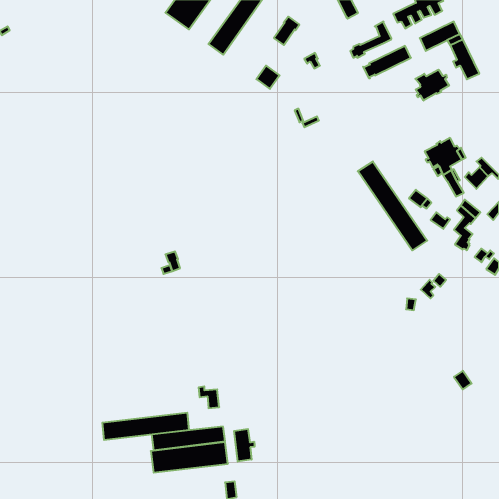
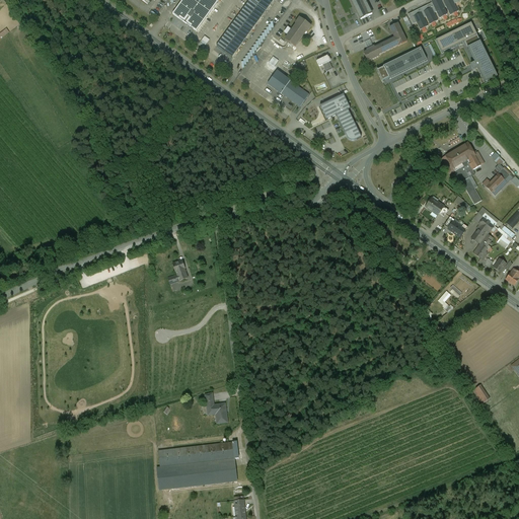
building: [415,70,449,101] -> none
building: none -> [280,79,308,105]
building: none -> [318,93,360,140]
building: [358,161,427,250] -> none
building: [102,413,189,440] -> none
building: [234,429,255,462] -> none

